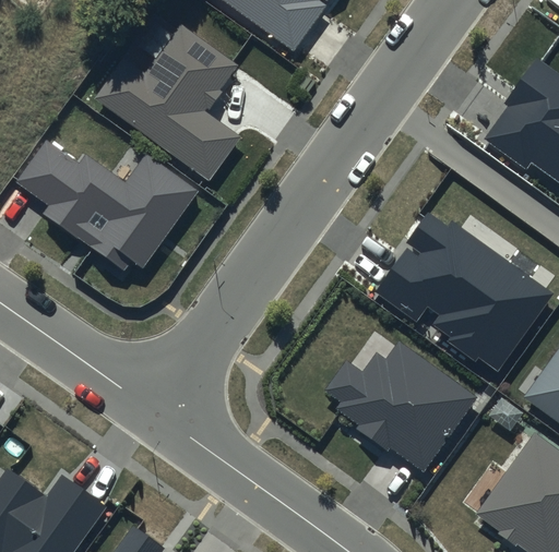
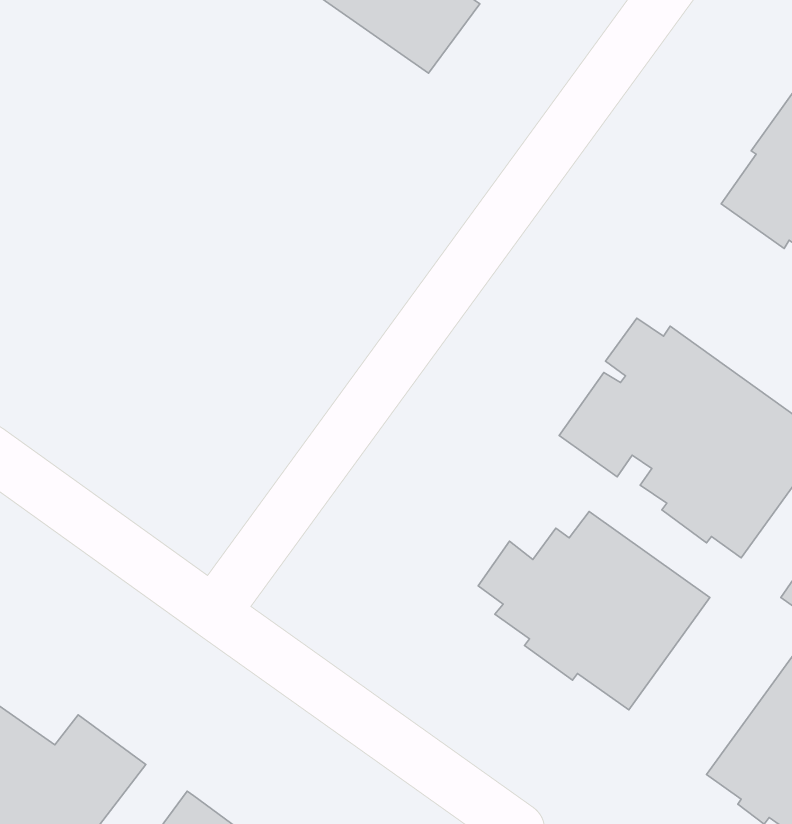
building: [94,24,241,182] -> none
building: [14,139,200,269] -> none

